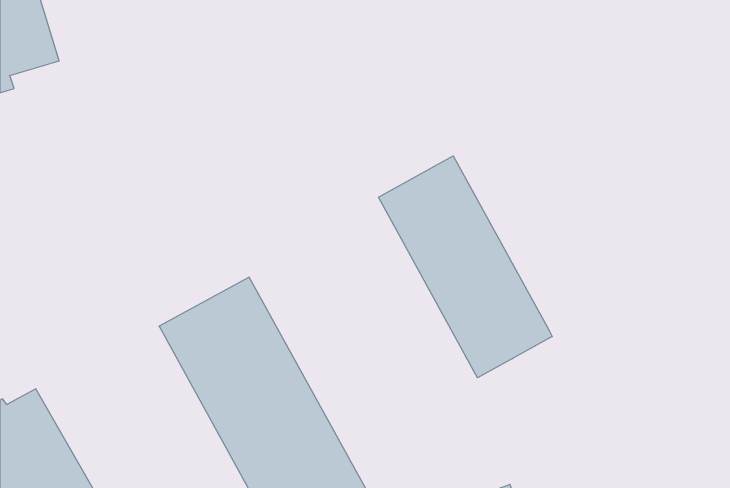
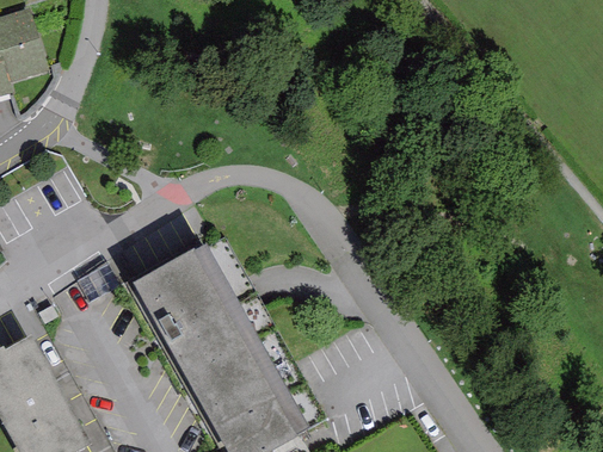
building: [379,156,552,378] -> none

